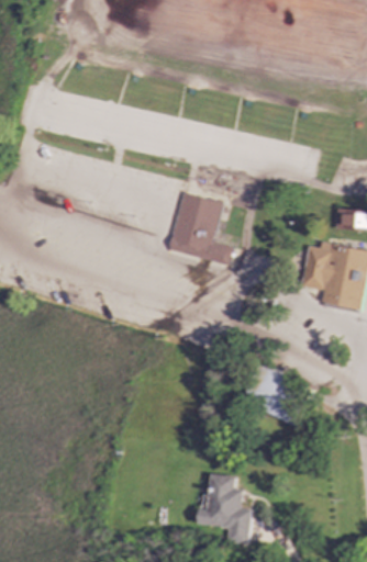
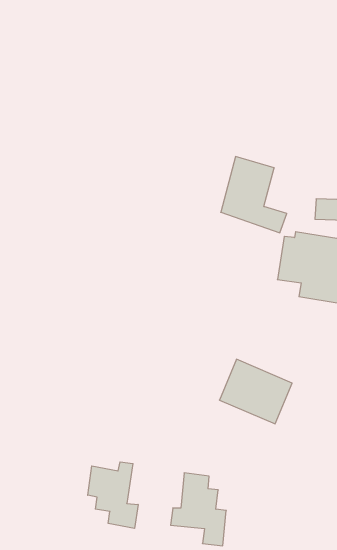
building: [166,192,230,266] -> [221,157,287,233]
building: none -> [88,462,138,528]

